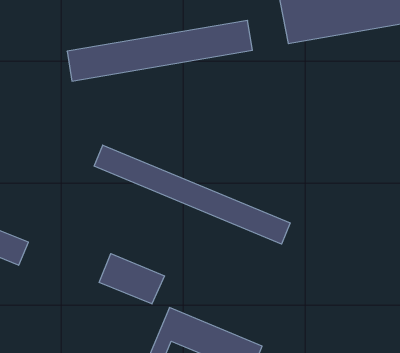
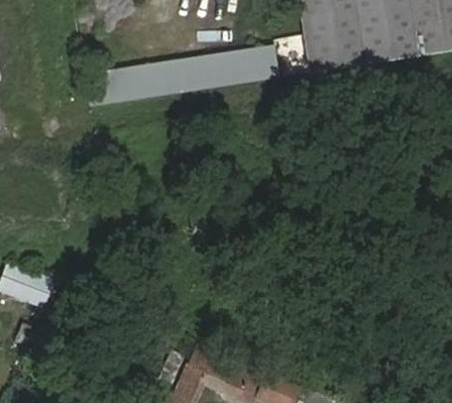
building: [94,145,290,244] -> none
building: [99,254,164,304] -> none

